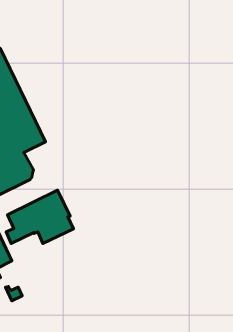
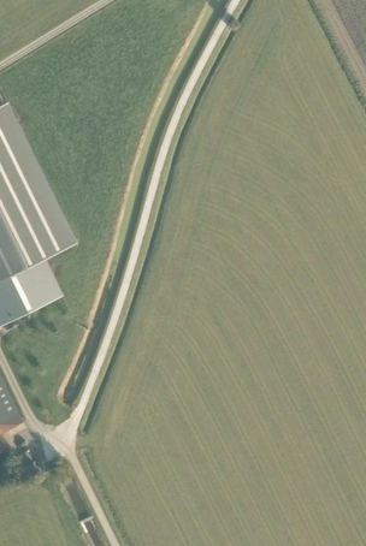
building: [6,190,74,244] -> none

